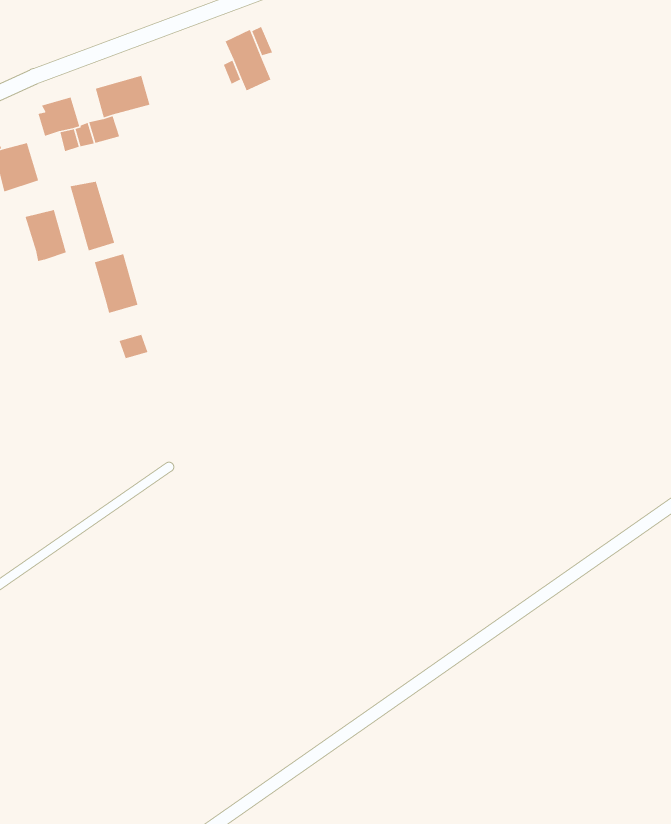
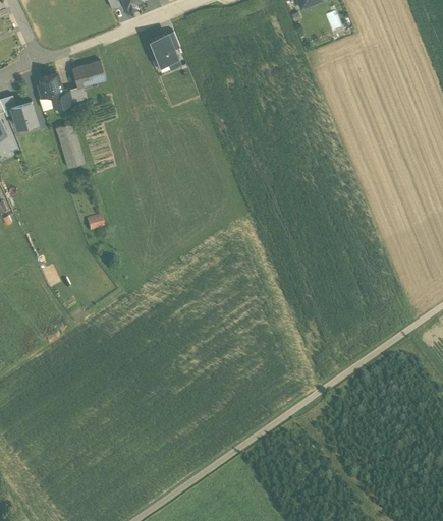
building: [24,209,67,262] -> none
building: [94,253,138,314] -> none

